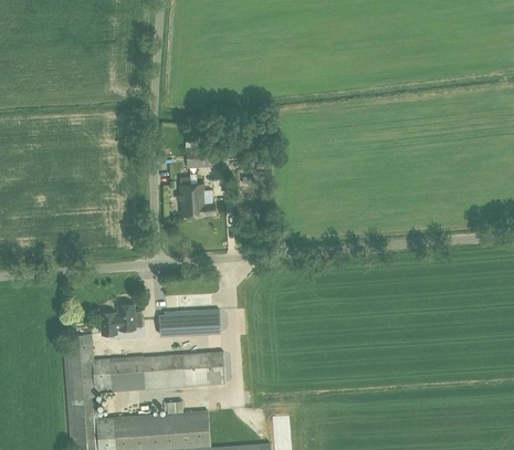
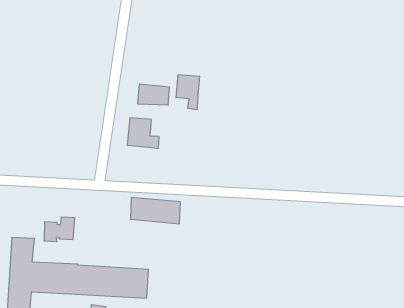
building: none -> [176,75,200,110]
building: [164,308,221,335] -> [130,197,180,224]

